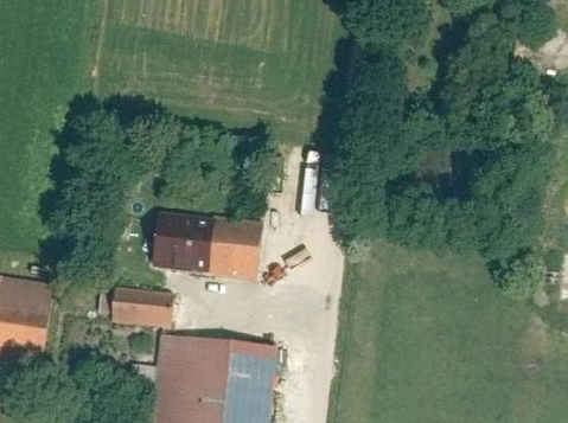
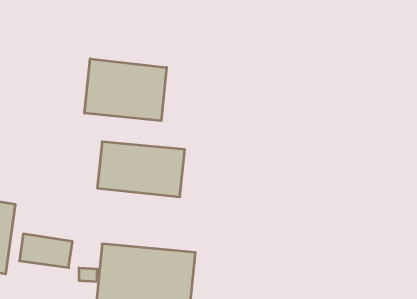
building: none -> [85,59,167,121]
building: [110,286,175,327] -> [19,234,72,268]

